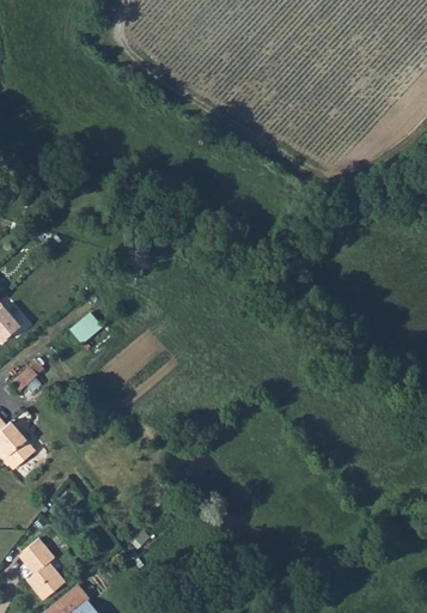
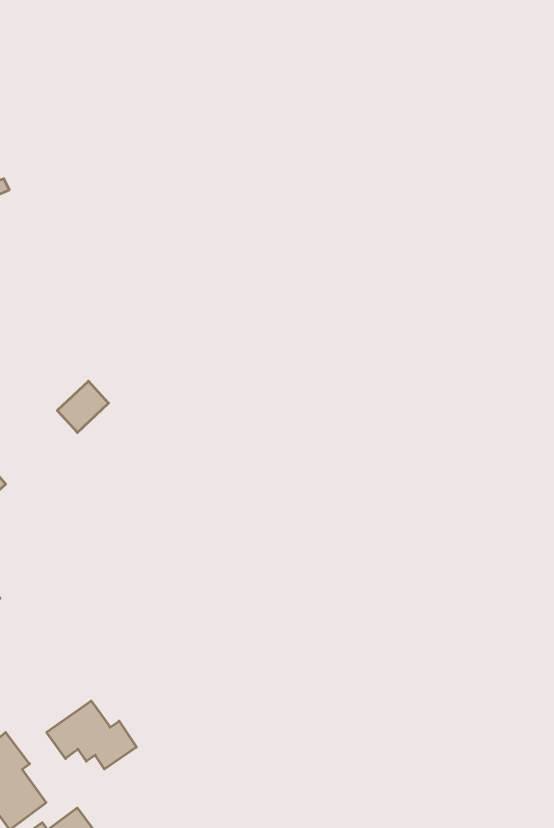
building: none -> [47,701,136,769]

